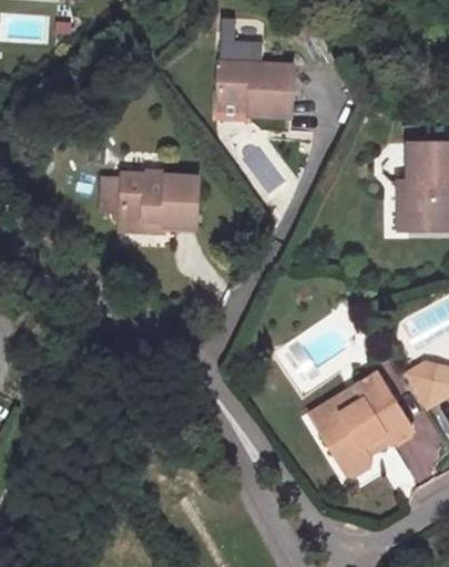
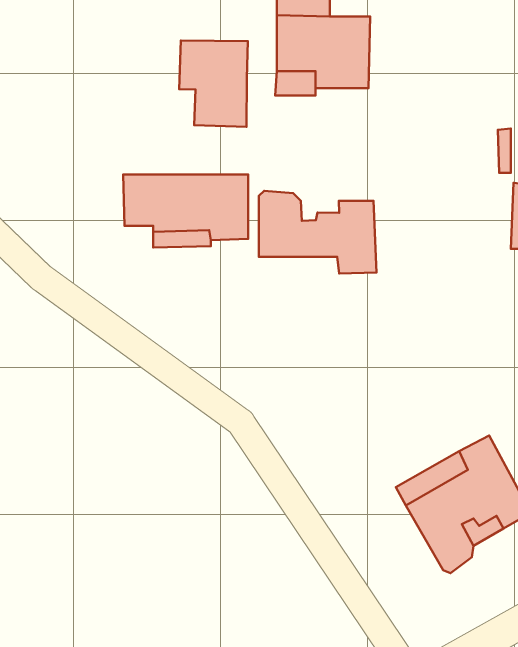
building: none -> [179,41,248,127]
building: none -> [259,191,376,274]

